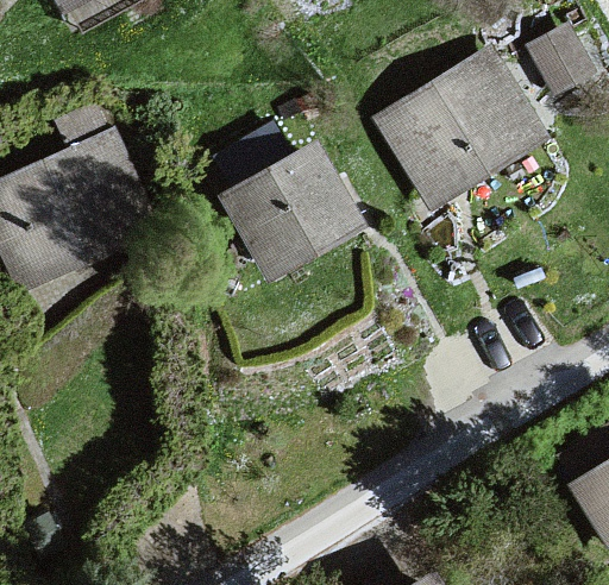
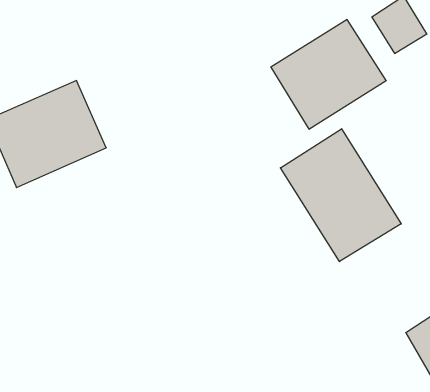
building: [226,145,359,273] -> none
building: none -> [280,129,401,262]

